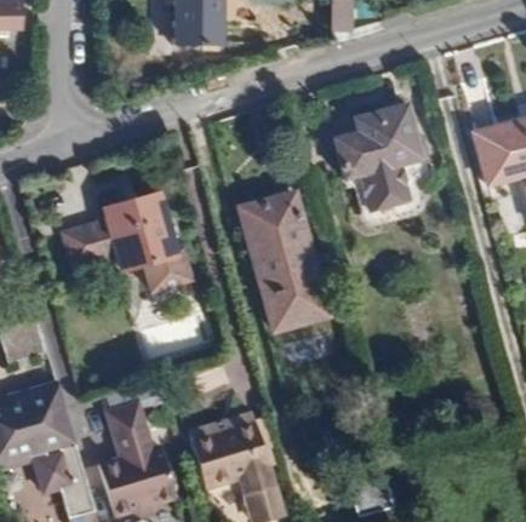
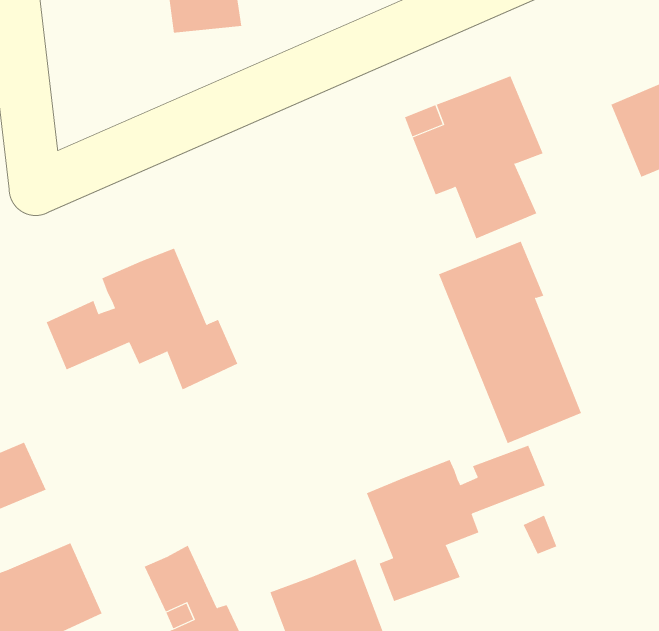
building: [236,191,324,331] -> [438,241,582,444]
building: none -> [366,445,545,602]

